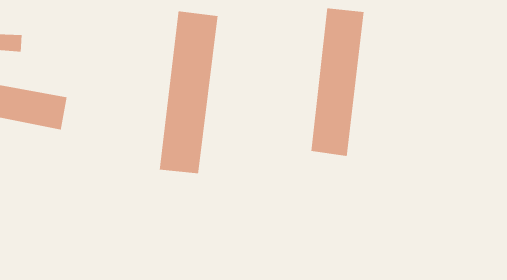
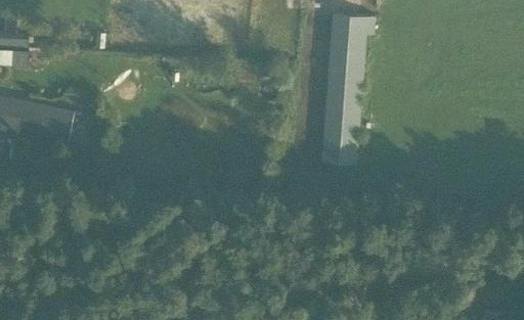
building: [159,10,218,174] -> none

